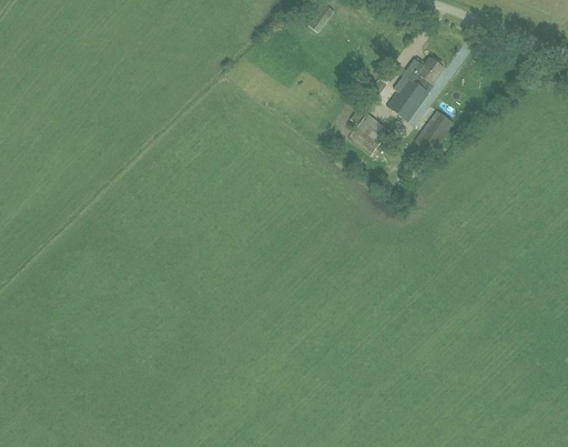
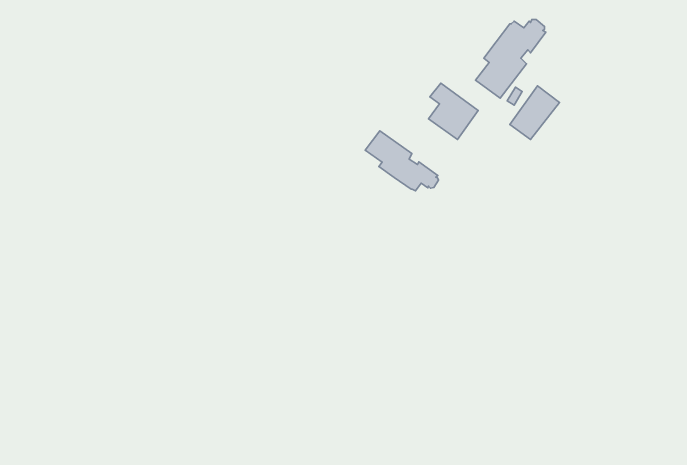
building: none -> [365,131,438,191]

